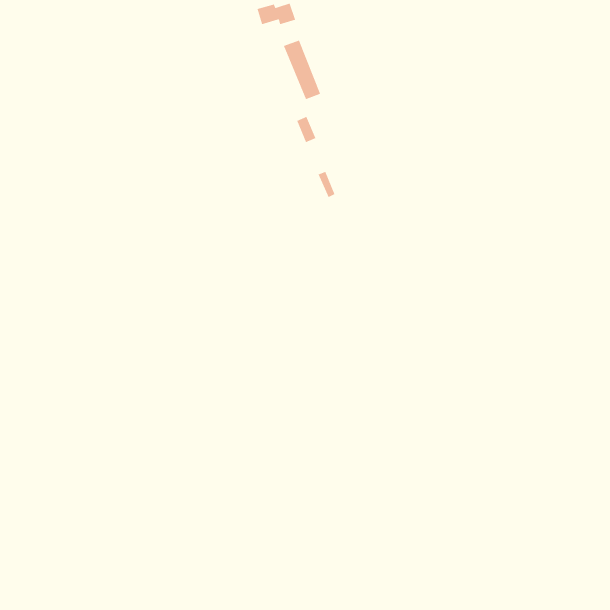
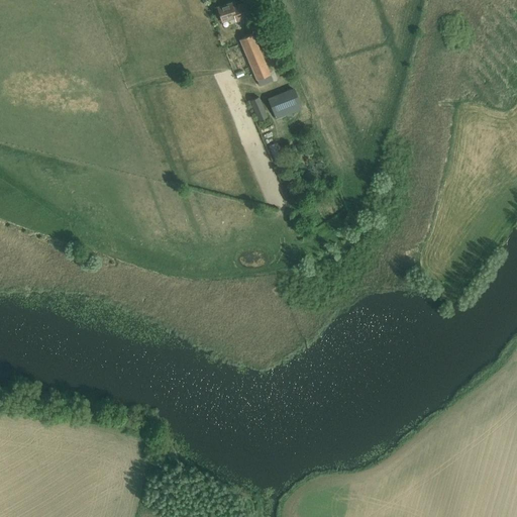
building: none -> [269,89,301,118]

